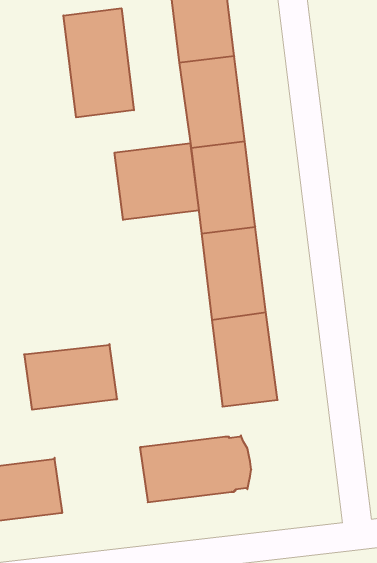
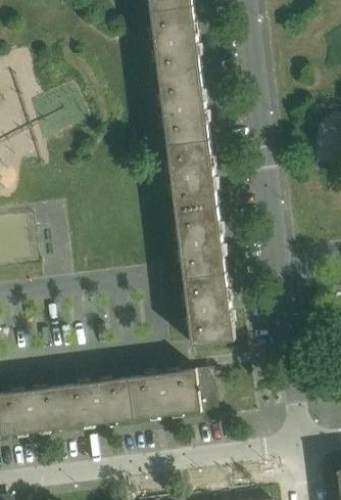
building: [63,8,134,117] -> none
building: [115,143,199,220] -> none
building: [24,344,117,410] -> [60,377,133,428]

